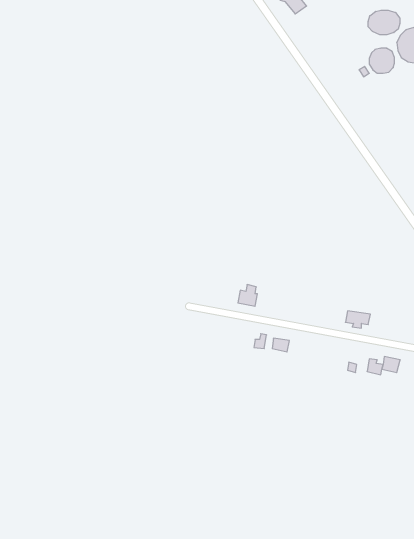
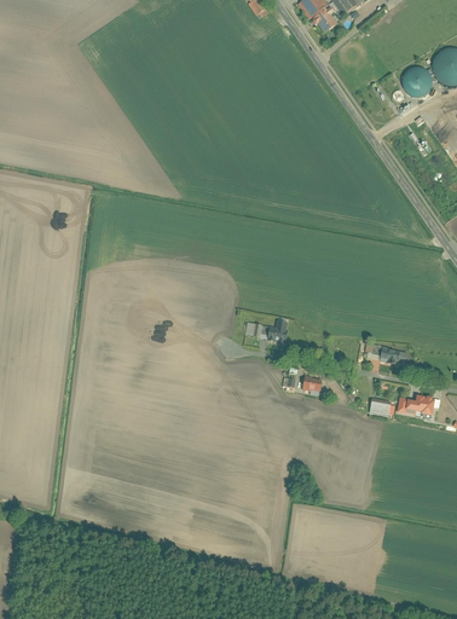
building: [368,10,400,35] -> none

